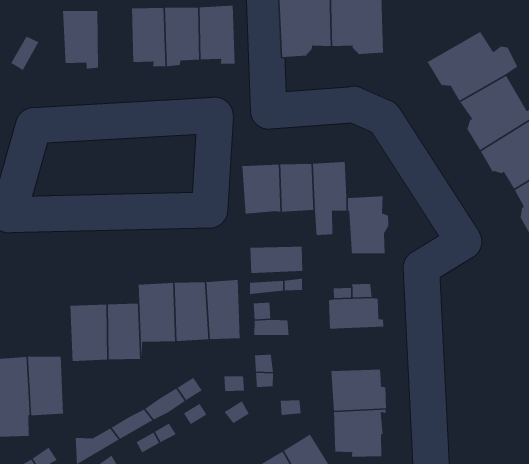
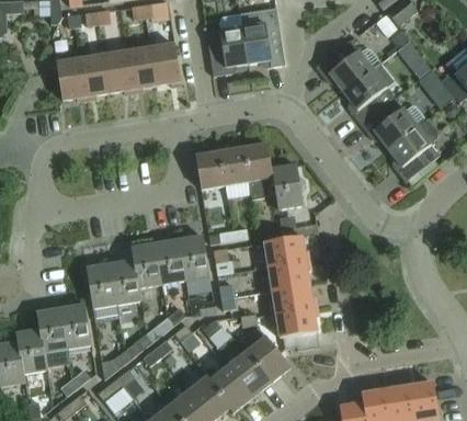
building: none -> [80,54,109,99]
building: [249,246,320,274] -> none
building: none -> [270,255,309,291]

